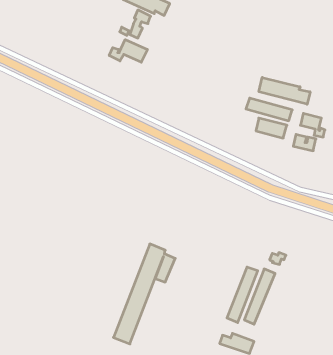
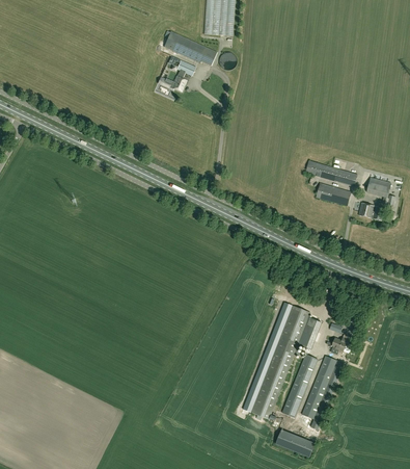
building: [109,40,147,62] -> none
building: [259,77,310,104] -> none
building: [113,244,175,344] -> [249,305,320,419]

